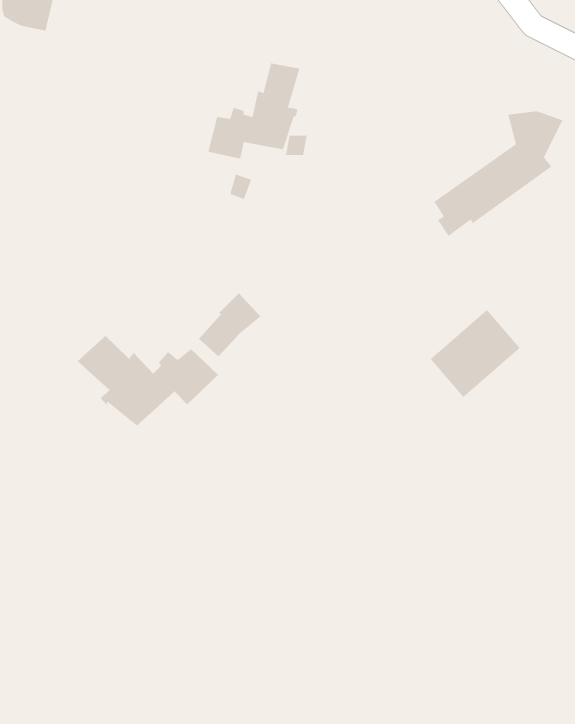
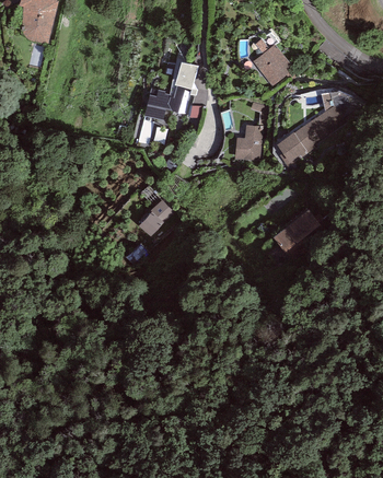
building: none -> [253,44,294,85]
building: none -> [234,125,263,161]
building: [77,335,219,426] -> none

